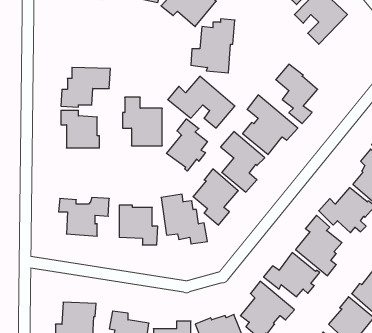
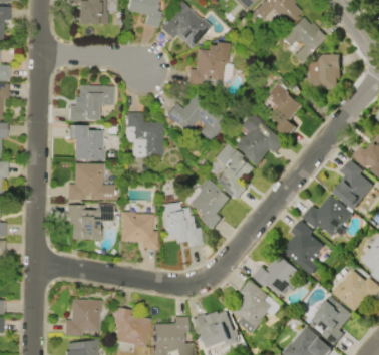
building: none -> [311,55,341,88]
building: [167,119,207,171] -> none
building: none -> [67,163,115,200]

